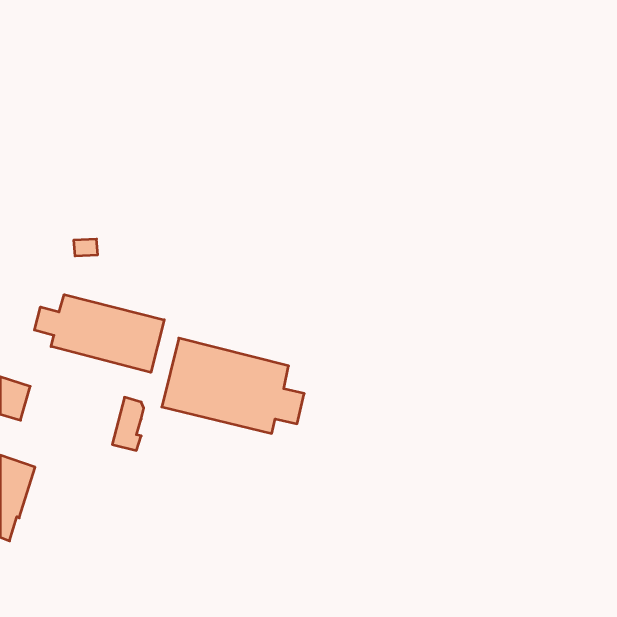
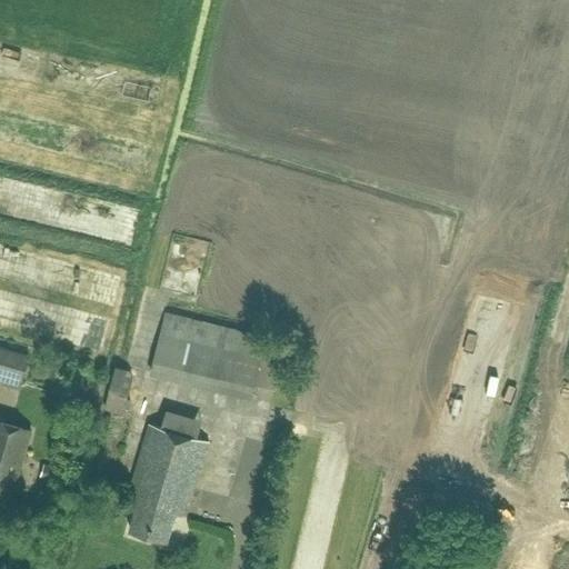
building: [34,295,164,372] -> none
building: none -> [126,409,209,541]

